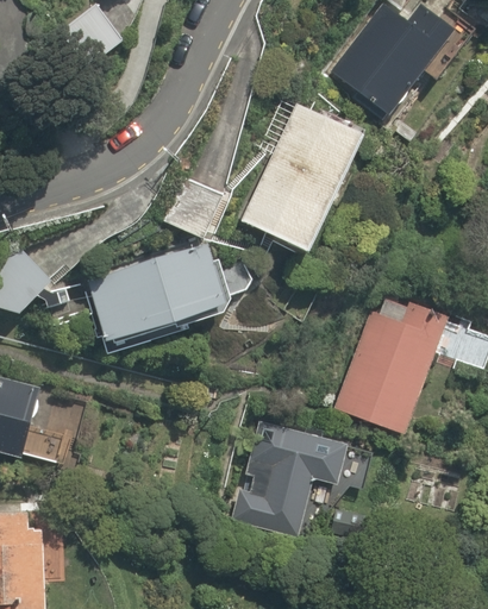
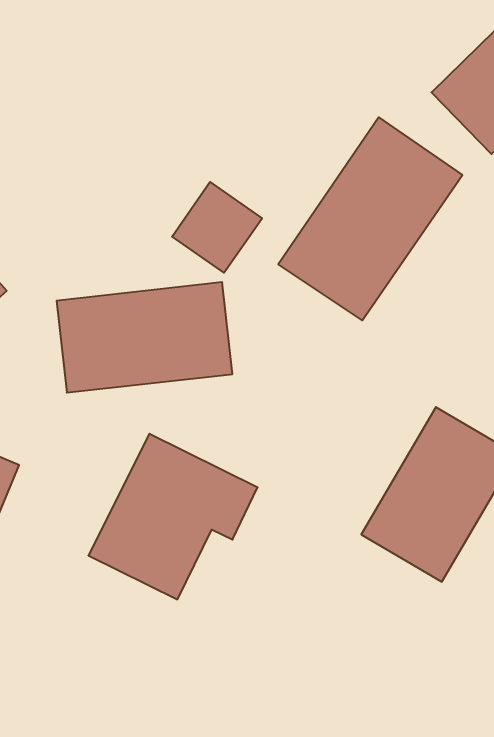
building: [230,416,346,535] -> [88,434,258,599]

